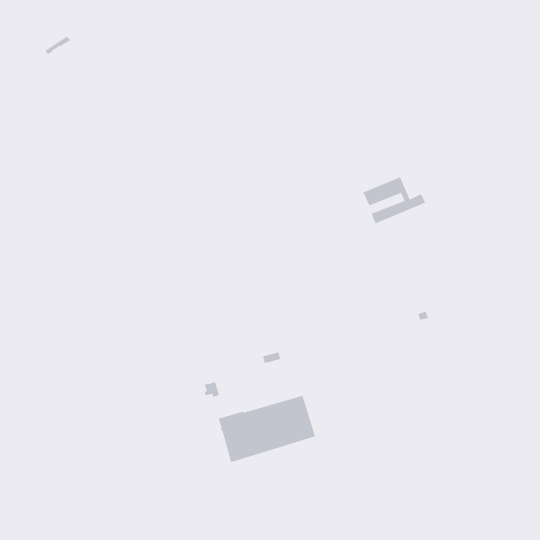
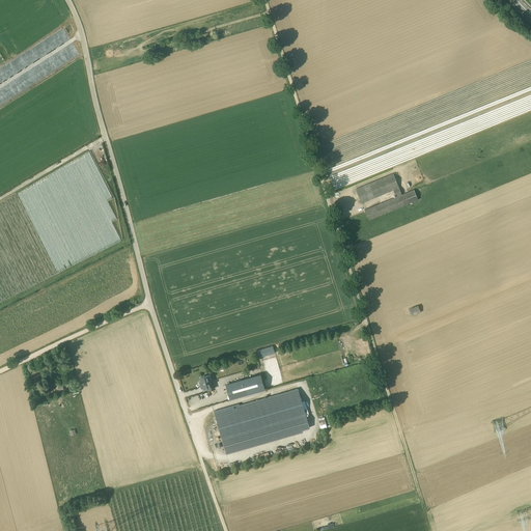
building: none -> [225,374,266,399]

